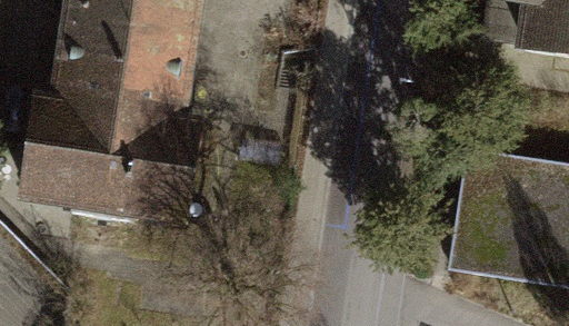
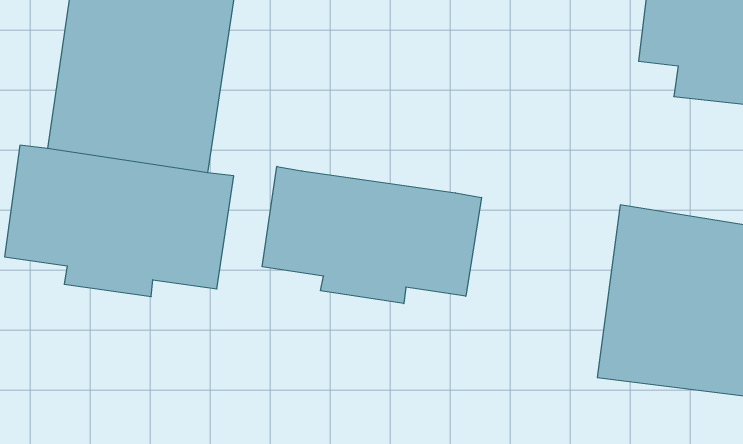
building: none -> [262,166,481,304]

